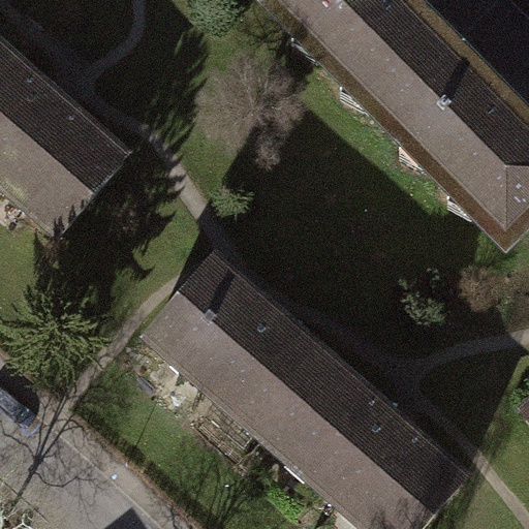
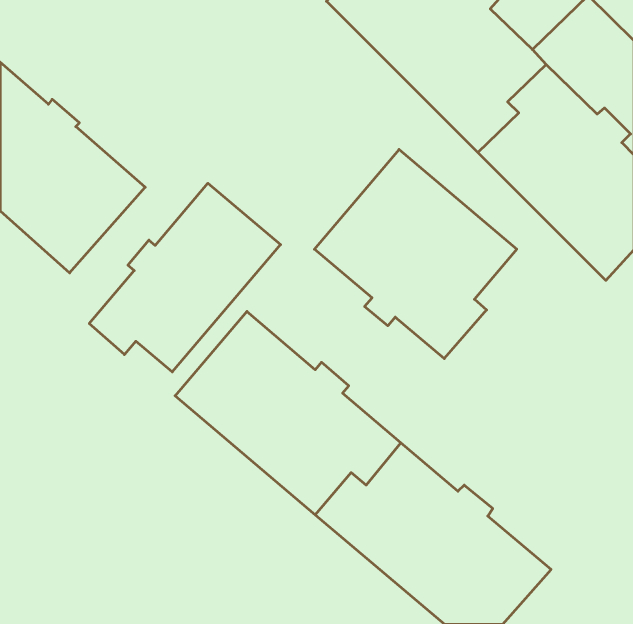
building: none -> [314,149,517,359]
building: none -> [89,183,281,372]

